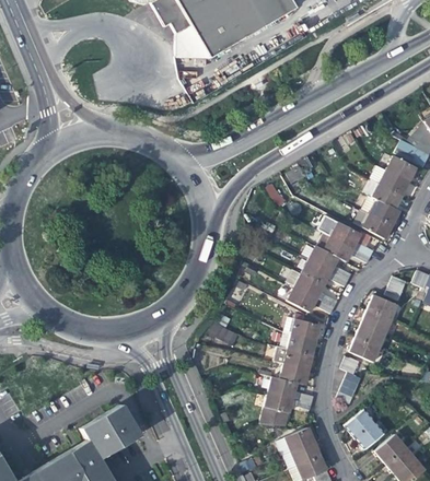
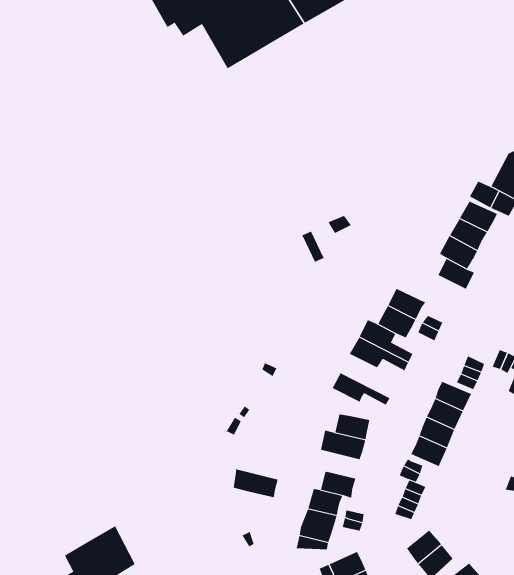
building: [175,23,210,57] -> none
building: [355,209,393,238] -> none
building: [289,270,337,308] -> none
building: [277,347,312,369] -> [233,468,279,498]

